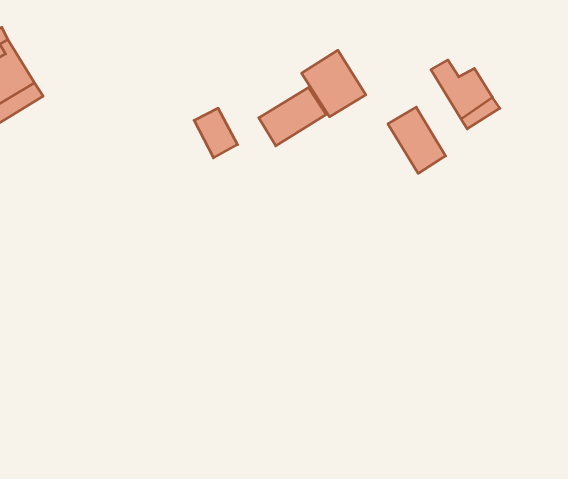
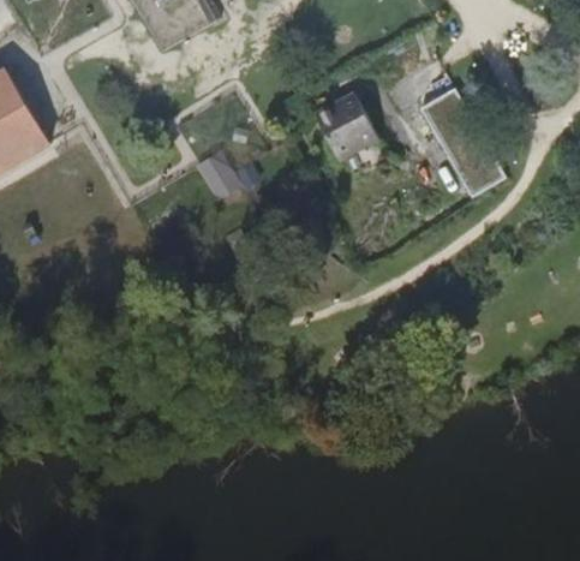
building: [259,87,326,146] -> none
building: [388,107,446,173] -> none

